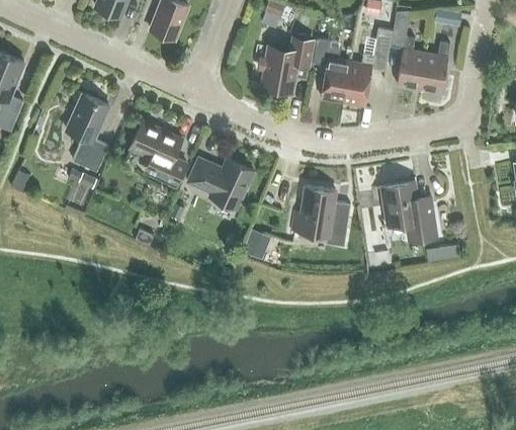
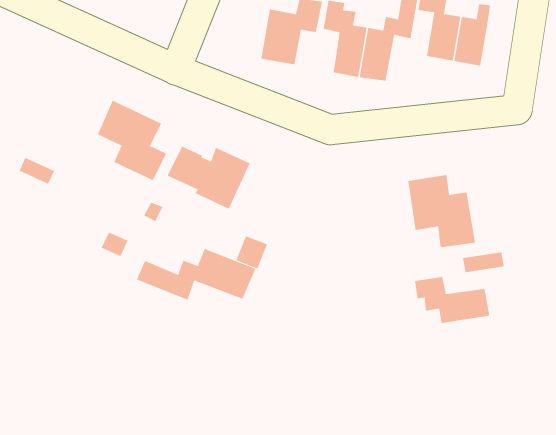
building: [66,93,108,171] -> none
building: [291,185,350,247] -> none
building: none -> [136,248,256,301]
building: none -> [415,276,490,324]

